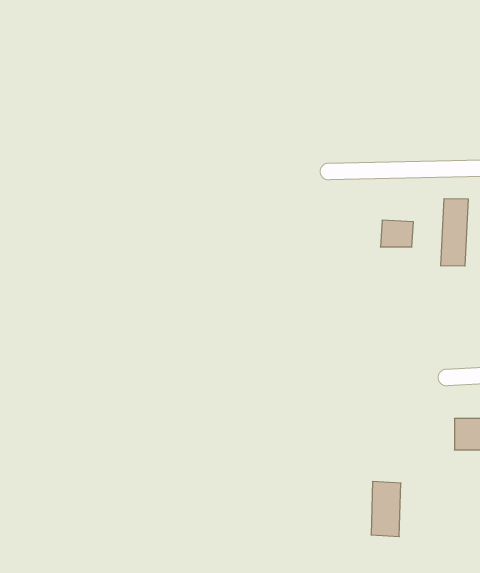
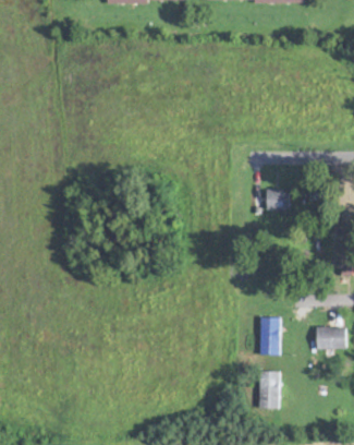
building: [441,199,468,266] -> none
building: none -> [260,317,280,356]

